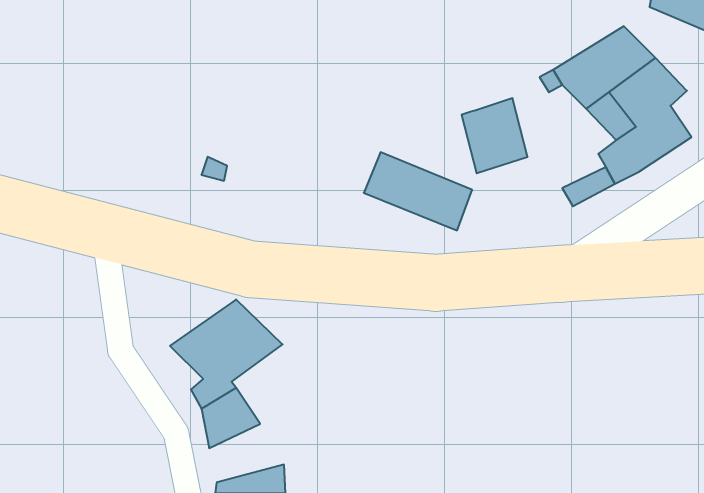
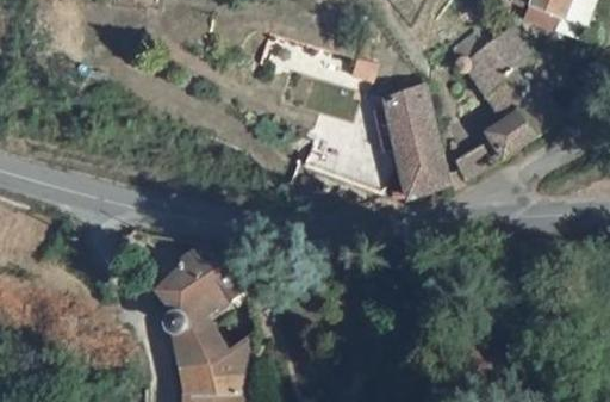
building: none -> [391,132,447,198]
building: none -> [179,335,239,391]

